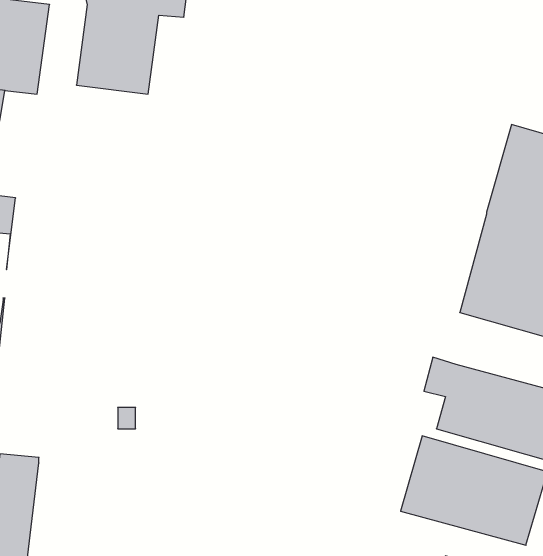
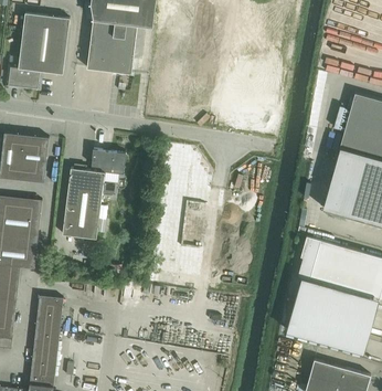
building: none -> [62,149,125,239]

